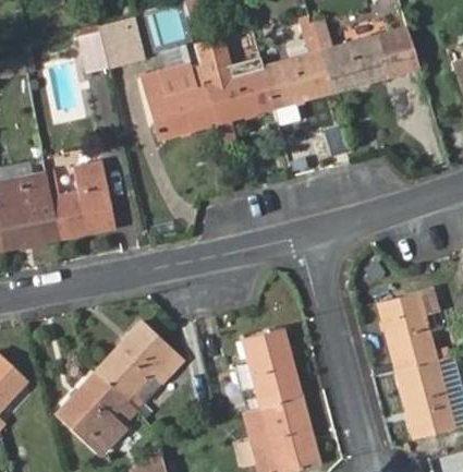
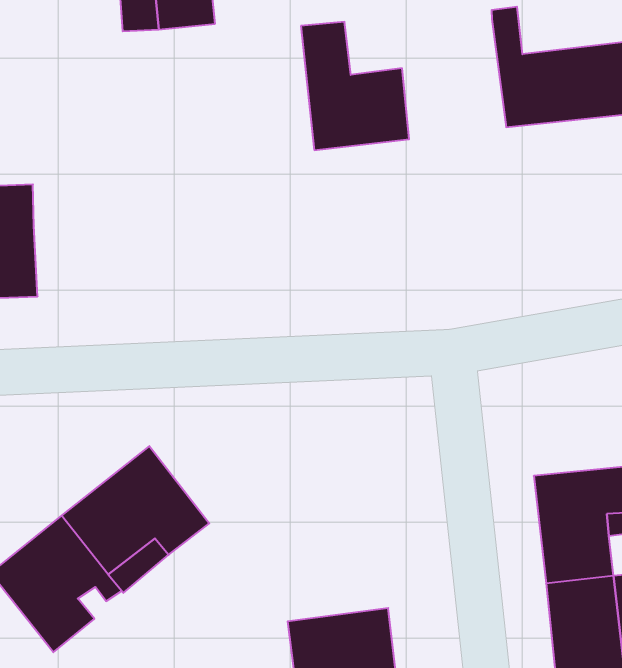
building: [260,28,329,109] -> none
building: [143,63,215,137] -> none
building: [51,160,114,239] -> none
building: [212,328,302,420] -> none

